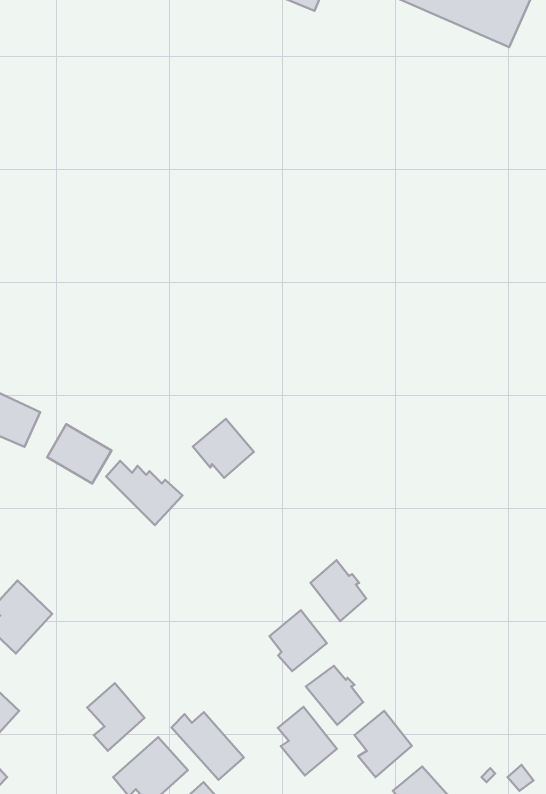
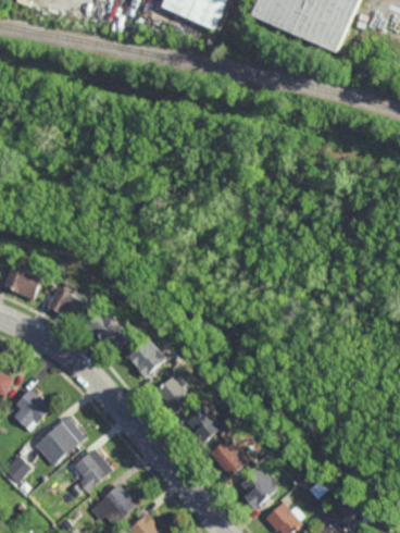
building: [193,419,254,478] -> [127,335,165,372]
building: [311,560,366,621] -> [157,373,191,411]
building: none -> [33,414,85,464]
building: [278,707,337,775] -> none
building: [171,712,244,780] -> none

